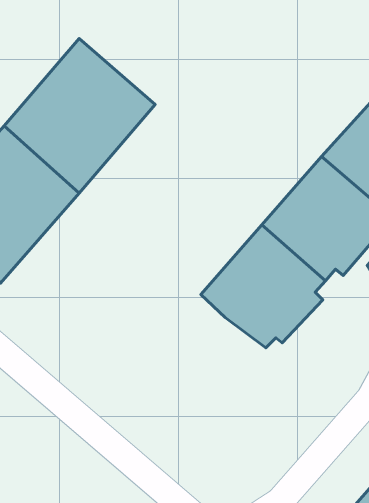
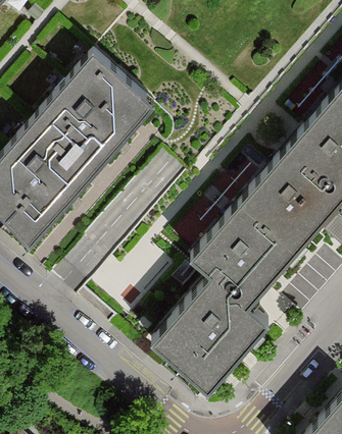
building: none -> [150,276,267,392]

